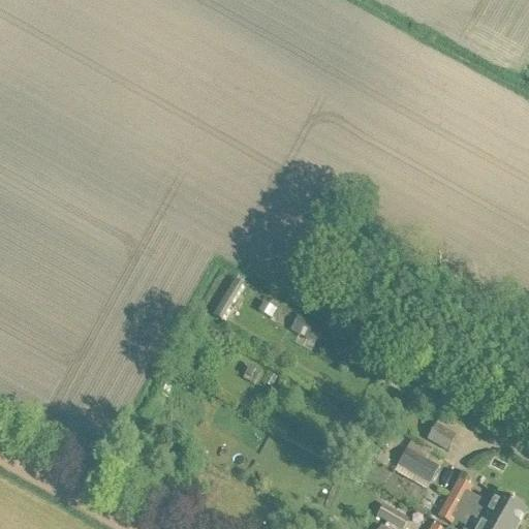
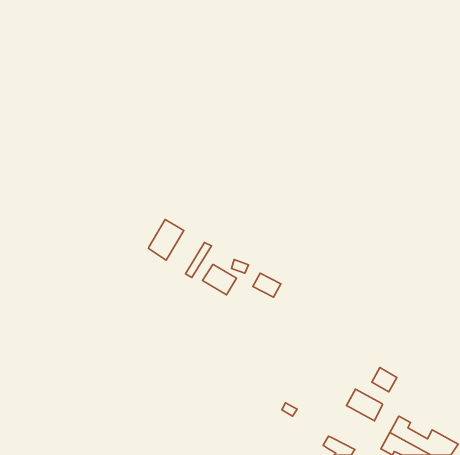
building: none -> [149,220,184,260]
building: none -> [202,265,236,295]

